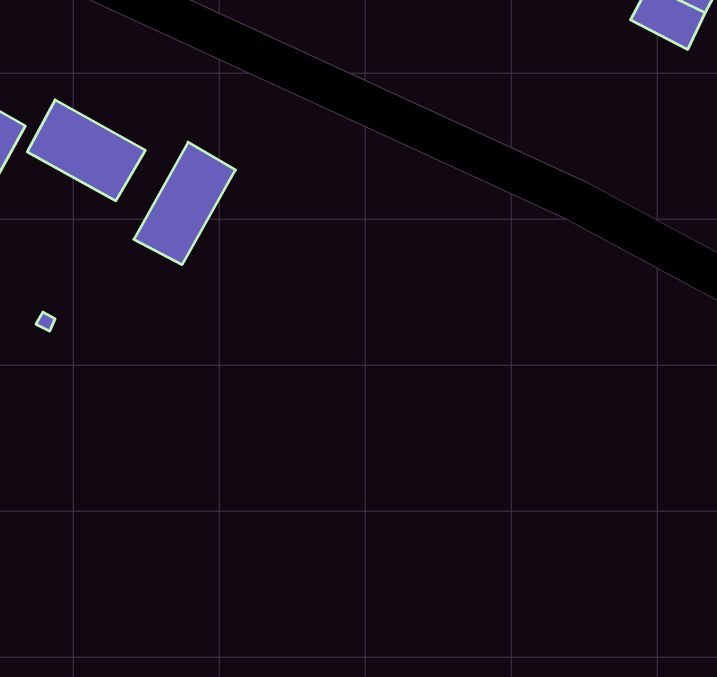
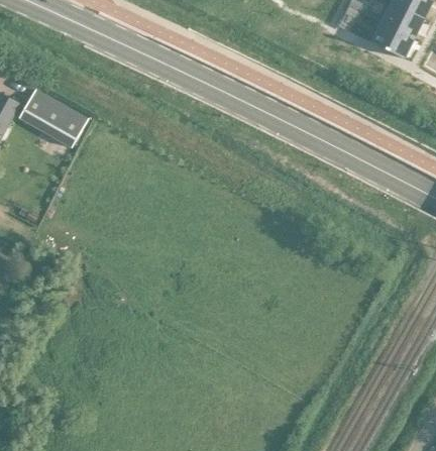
building: [134,142,236,265] -> none

